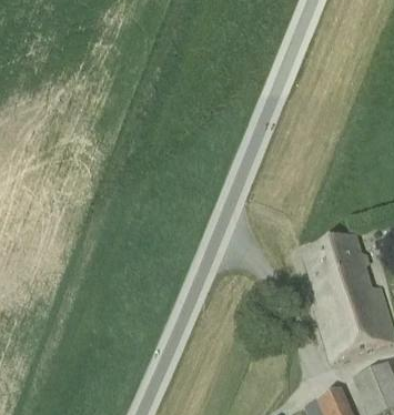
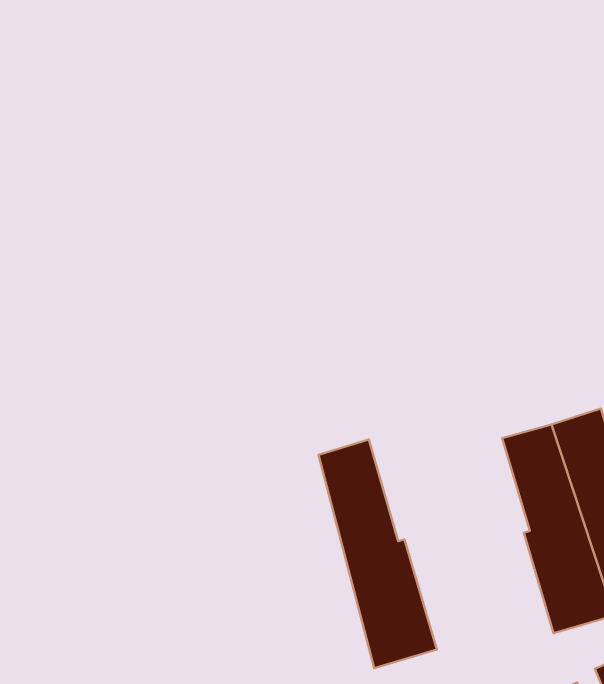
building: none -> [318,439,437,668]

